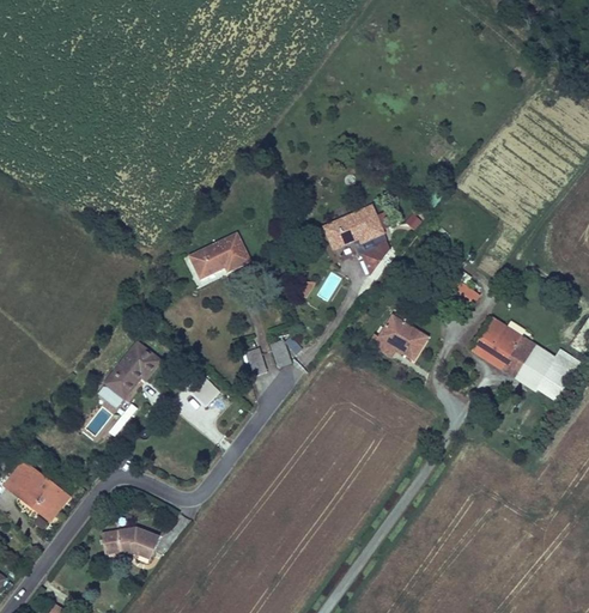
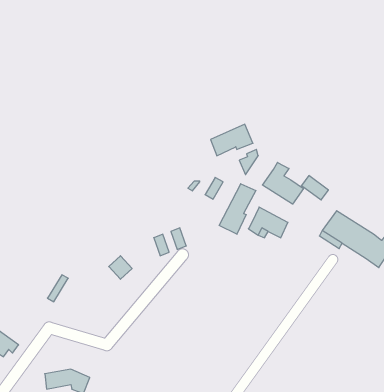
building: [189,232,247,278] -> none
building: none -> [262,162,303,204]
building: none -> [219,184,256,234]
building: [105,340,160,395] -> none

